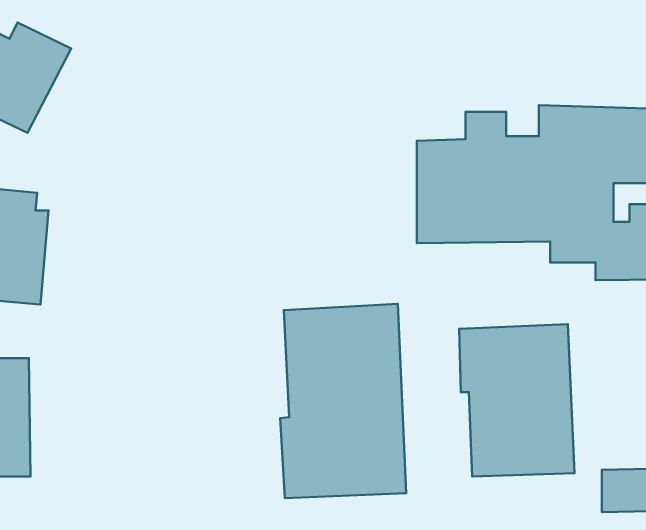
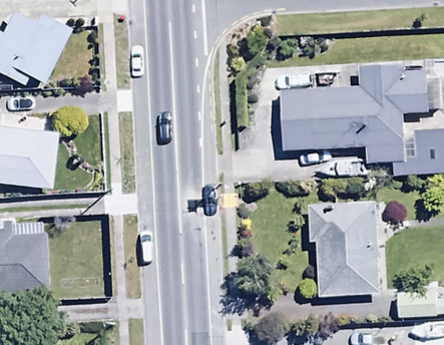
building: [280,304,406,498] -> none

